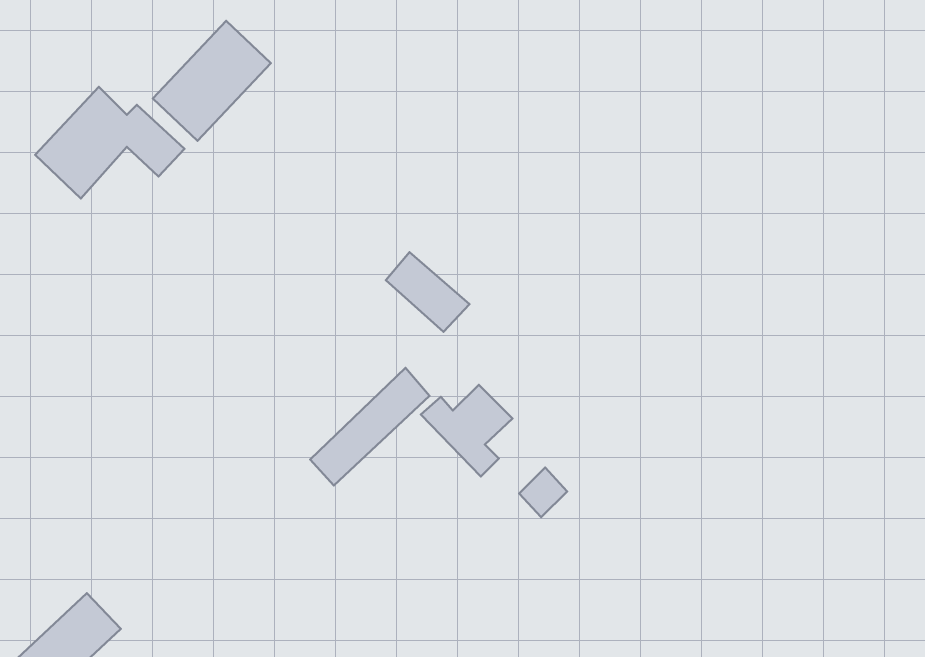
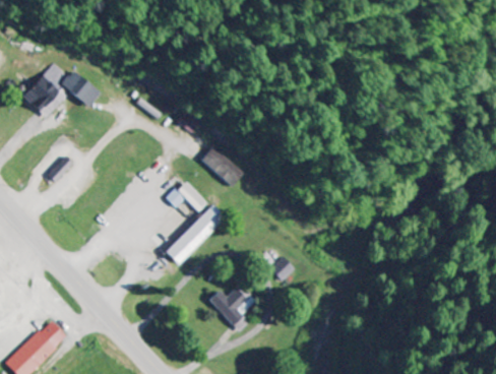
building: [153,21,271,141] -> none
building: none -> [167,180,208,212]
building: [421,385,513,476] -> [210,285,257,331]

